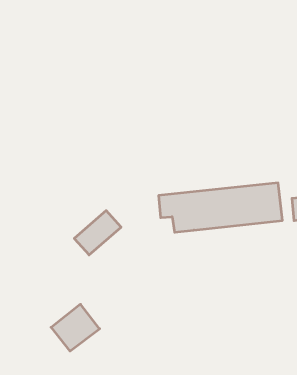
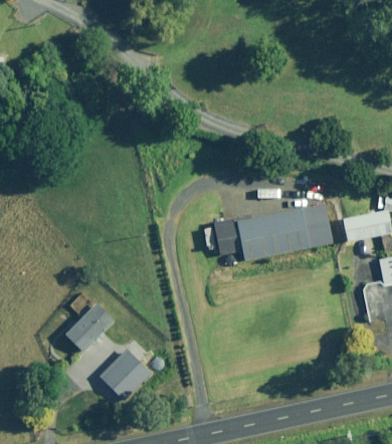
building: [74,211,121,255] -> [65,302,114,351]

